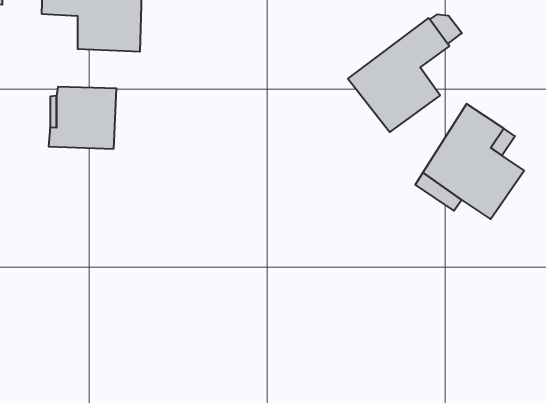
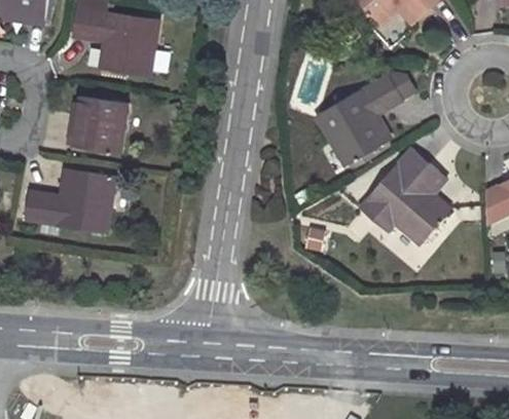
building: none -> [26,169,114,233]

